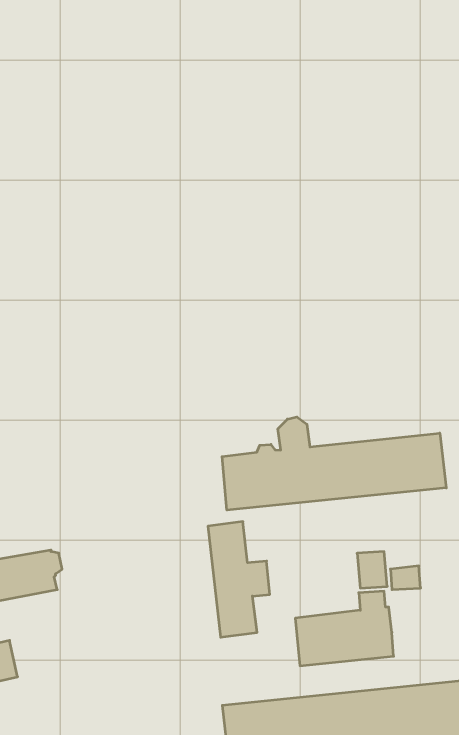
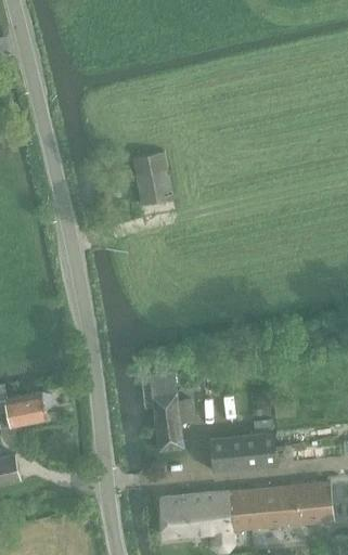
building: none -> [130,153,171,206]
building: [222,417,446,510] -> none

